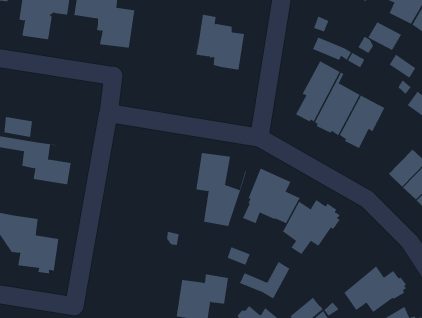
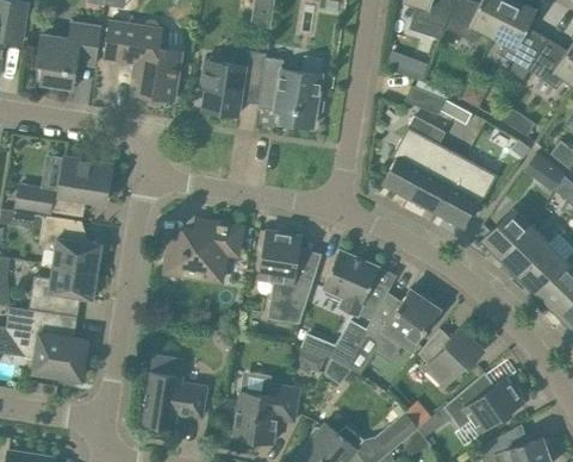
building: none -> [200,49,266,116]
building: [367,21,402,51] -> none
building: none -> [58,157,111,202]
building: none -> [481,208,530,260]
building: none -> [164,219,242,281]
building: none -> [29,264,96,317]
building: none -> [418,327,484,386]
building: none -> [141,354,206,429]
building: [239,261,290,299] -> [303,319,367,367]

